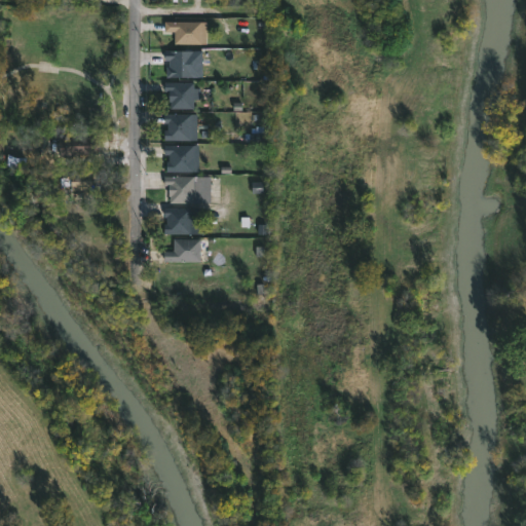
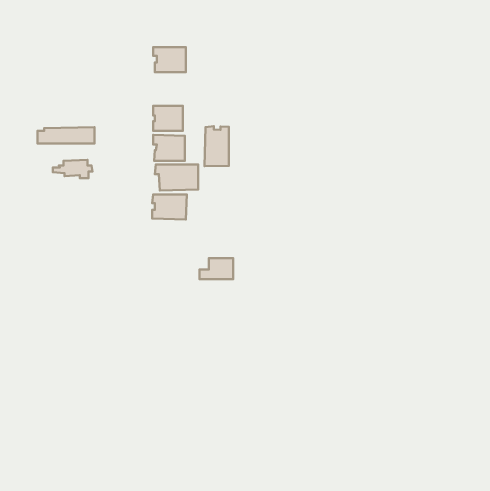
building: [165,23,206,45] -> none
building: [164,83,194,109] -> none
building: none -> [205,126,229,166]
building: [164,239,200,262] -> [199,258,233,279]

